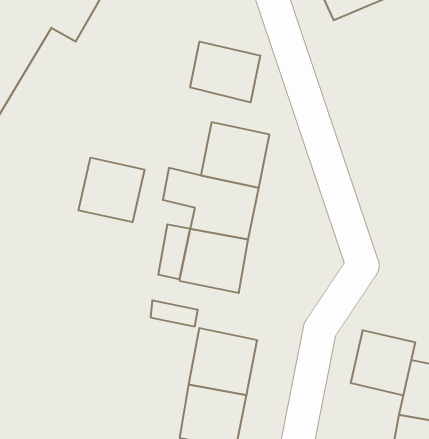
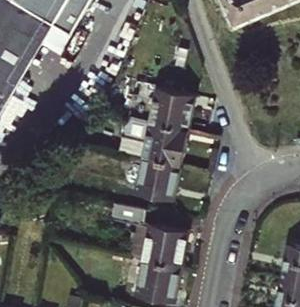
building: [190,42,260,102] -> none
building: [78,158,145,222] -> none
building: [351,330,415,395] -> none

